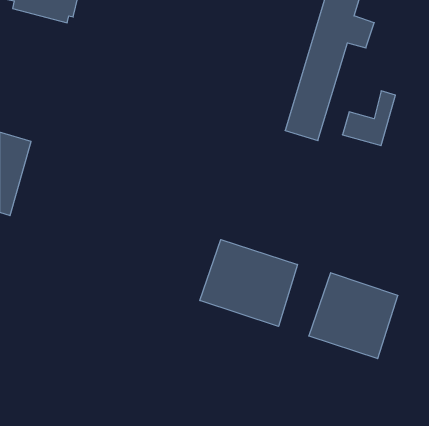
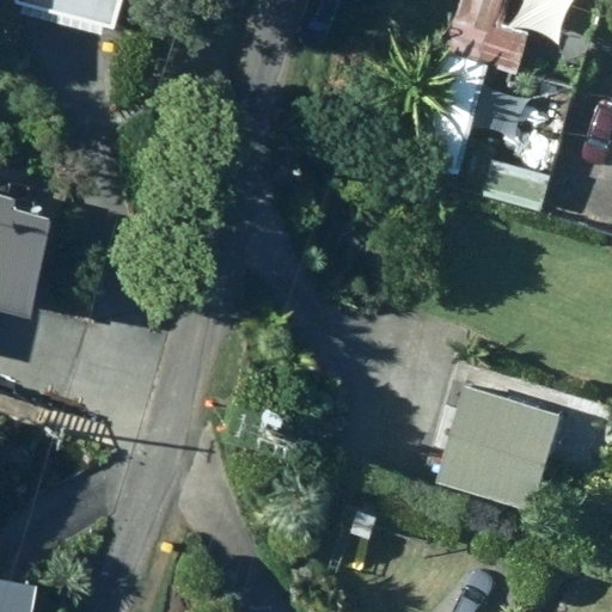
building: [200,240,297,326] -> none

